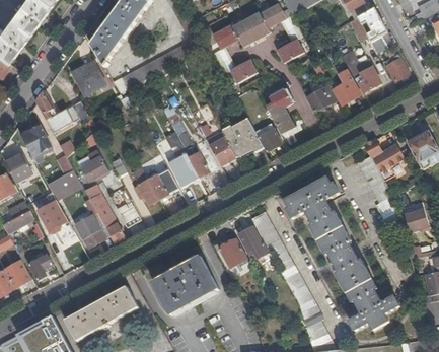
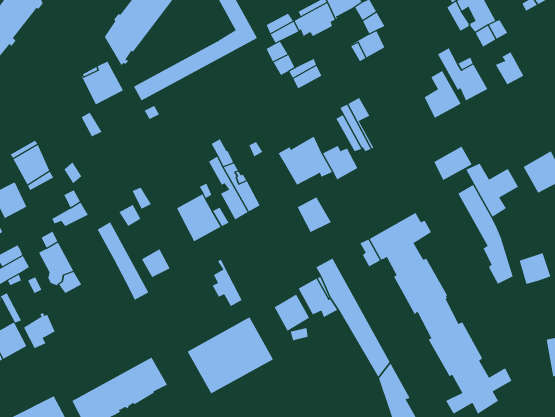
building: [306,85,336,112] -> [434,146,472,181]
building: [35,89,73,132] -> none
building: [209,137,235,164] -> [297,197,332,233]
building: [81,149,107,180] -> none
building: [134,167,157,204] -> [212,259,243,307]
building: [74,212,108,248] -> none

